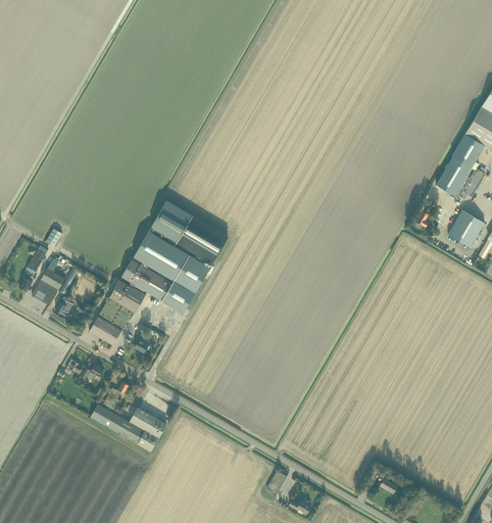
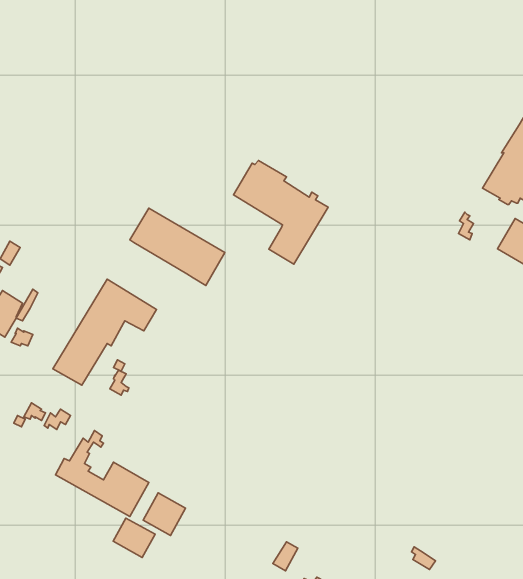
building: [134,229,210,313] -> [233,161,328,264]
building: none -> [143,493,185,535]
building: none -> [113,518,155,557]

